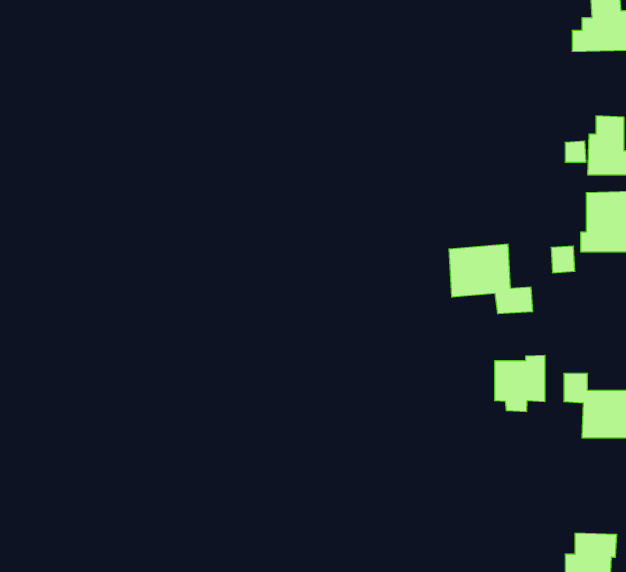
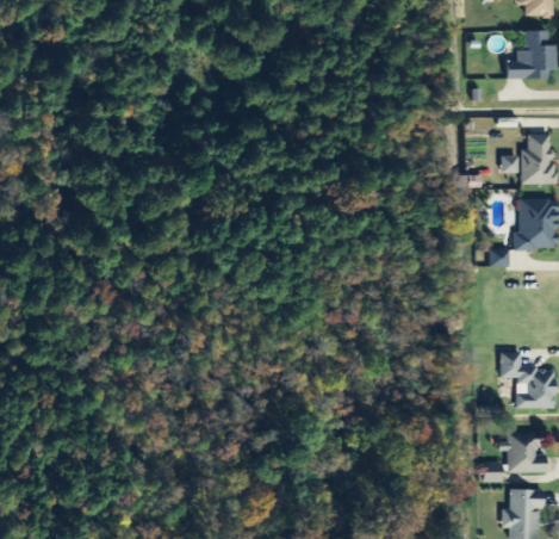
building: [449,244,532,314] -> none
building: [495,355,545,412] -> none
building: none -> [497,433,545,472]

